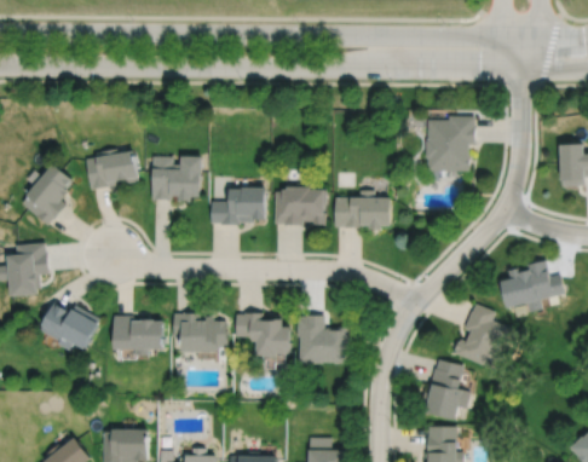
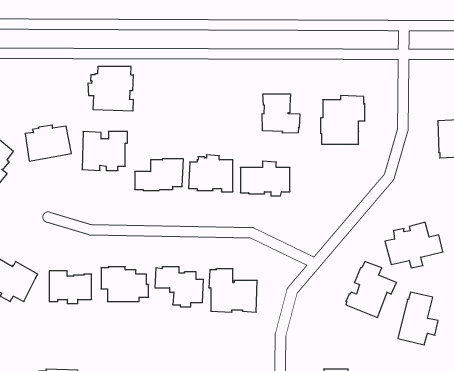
building: none -> [88,66,133,111]
building: none -> [262,94,300,133]
building: [423,360,469,421] -> [398,292,438,345]

